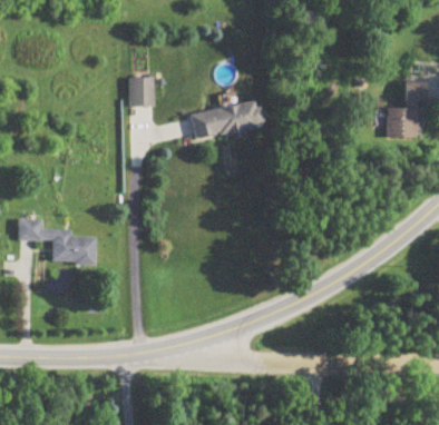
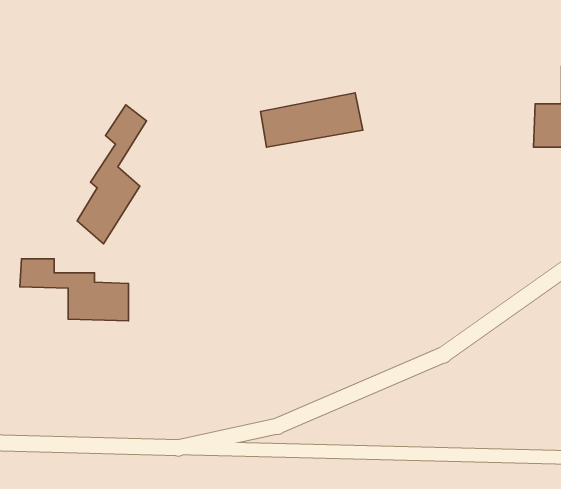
building: [130,77,154,106] -> none
building: none -> [77,105,146,244]

